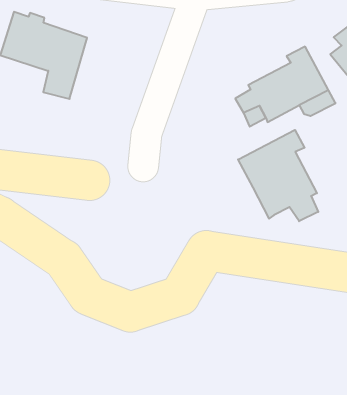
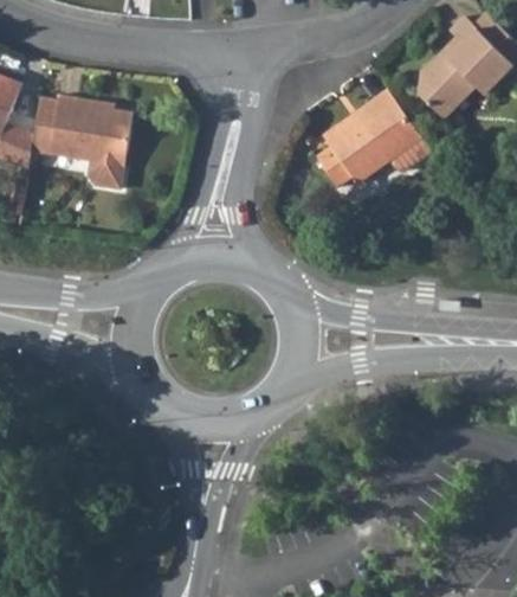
building: [238,130,318,221] -> none

